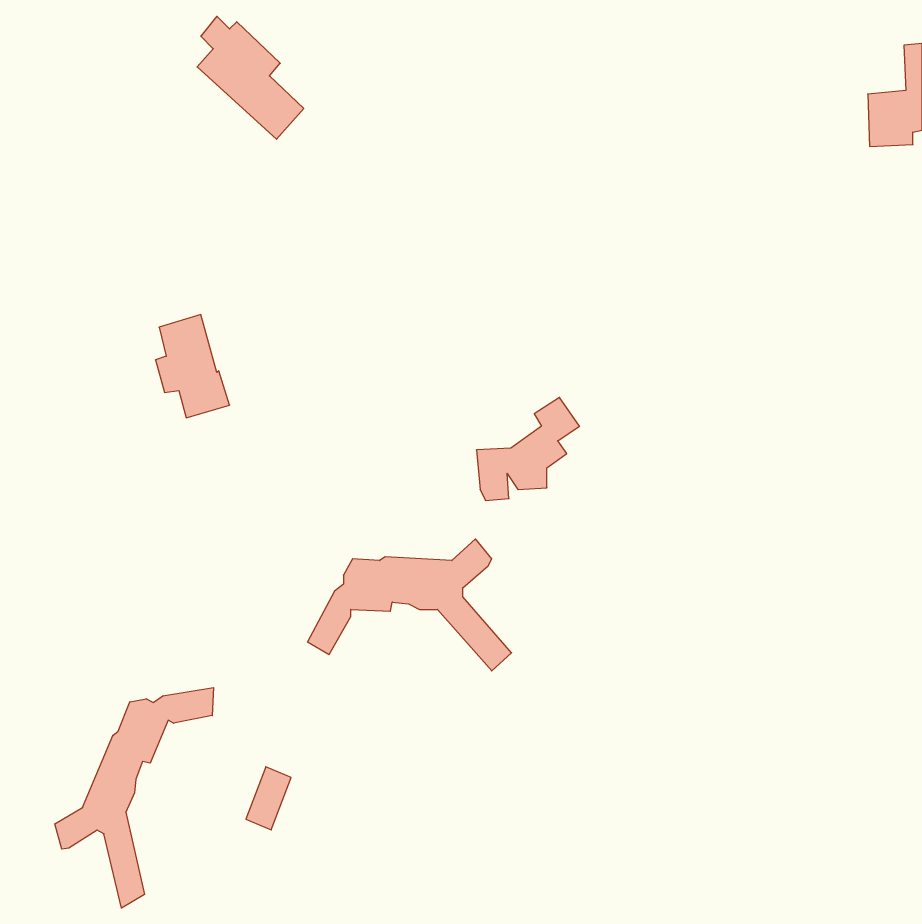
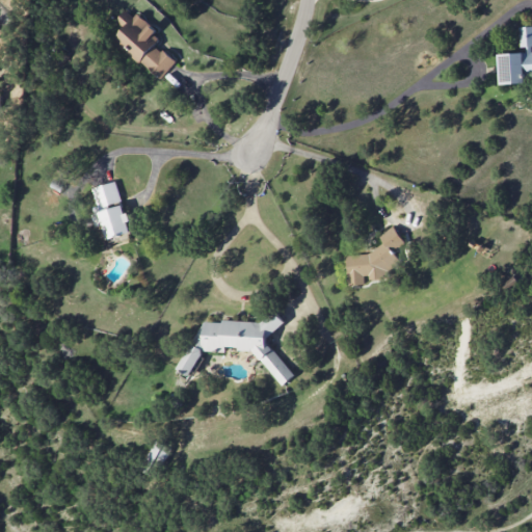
building: [476,397,579,500] -> [345,225,404,285]
building: [55,688,214,908] -> none

